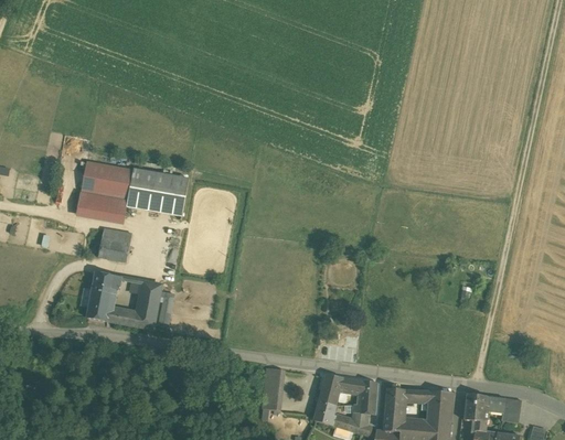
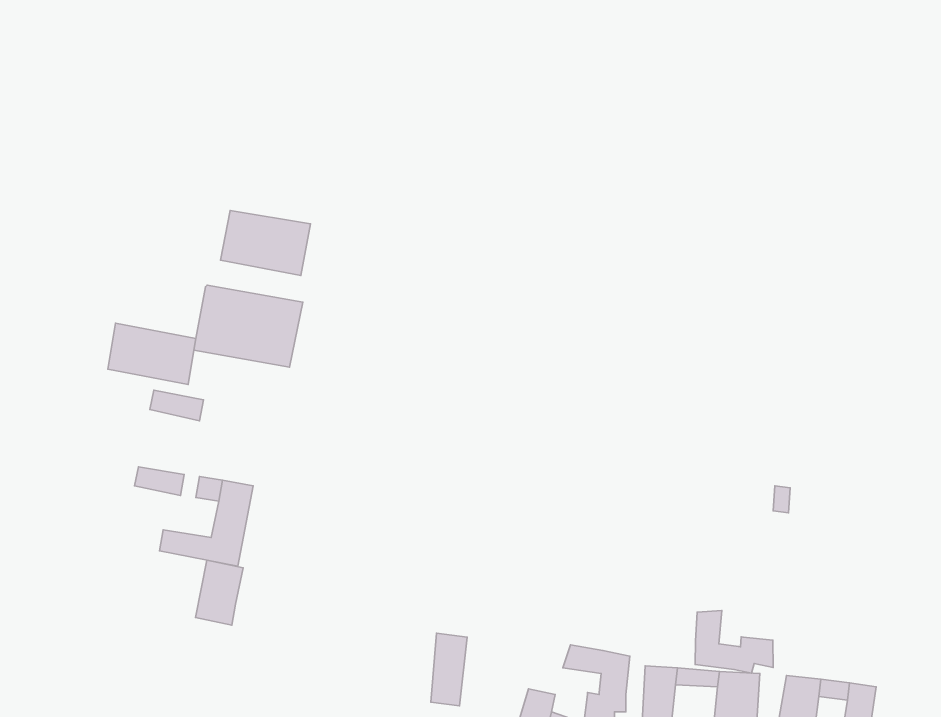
building: [82,161,134,198] -> [221,210,310,275]
building: [98,239,130,262] -> none
building: [86,283,114,321] -> [196,560,243,625]
building: none -> [695,611,773,673]
building: [320,372,344,404] -> none

